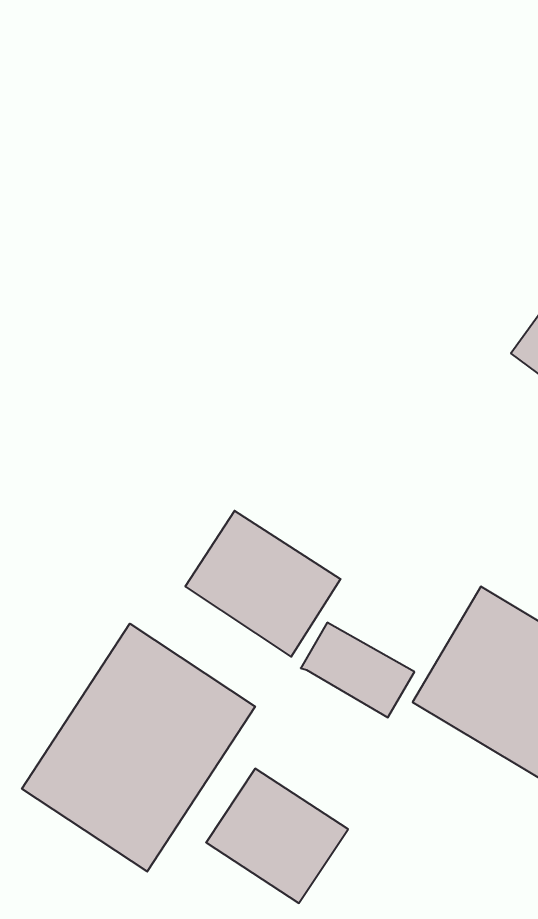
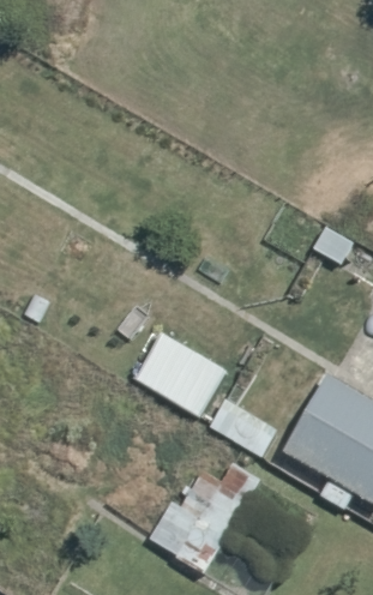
building: [22,624,255,872] -> none

